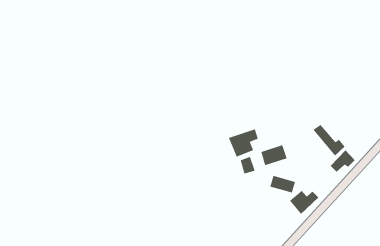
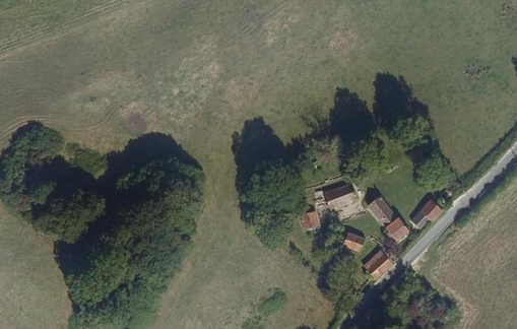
building: [313,124,346,156] -> [369,200,409,240]
building: [228,129,259,157] -> none

